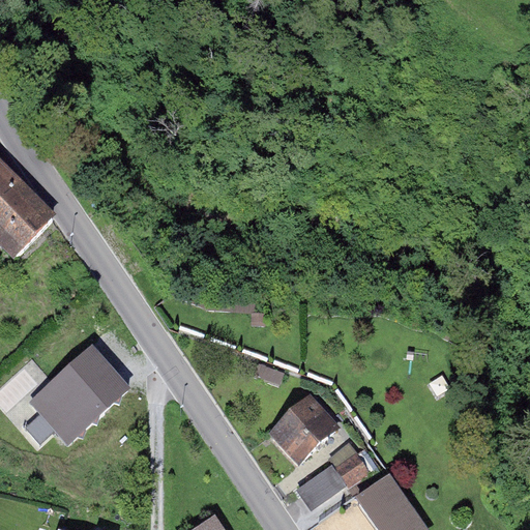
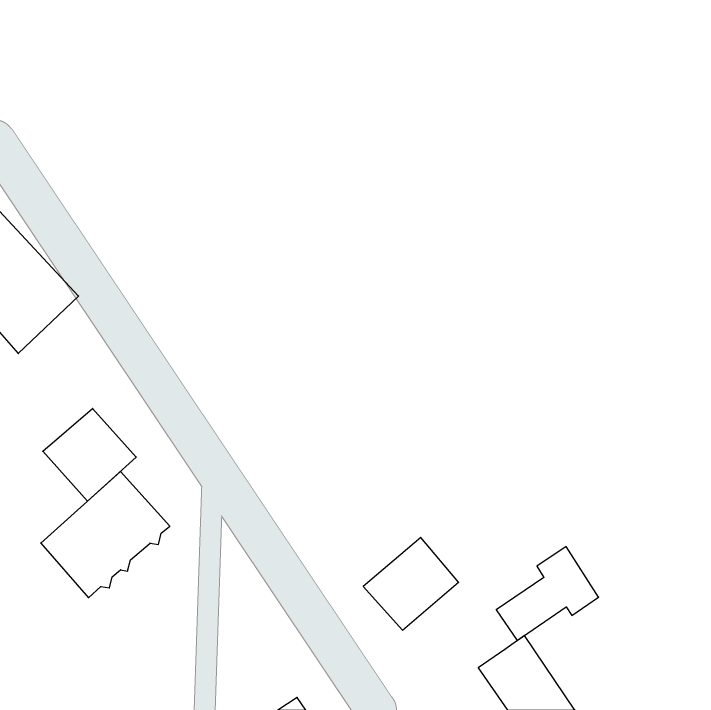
building: none -> [43,408,136,501]
building: [297,442,373,511] -> [496,547,599,641]

